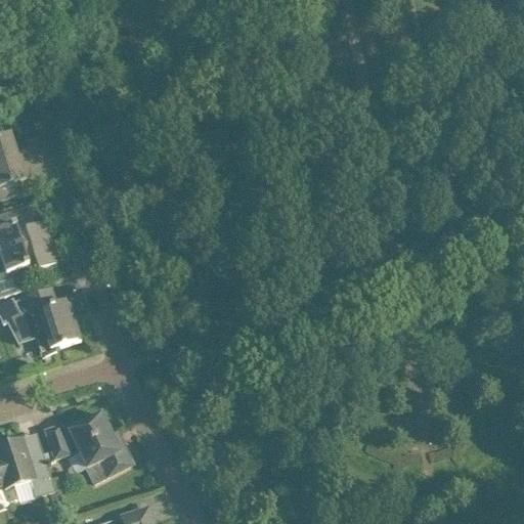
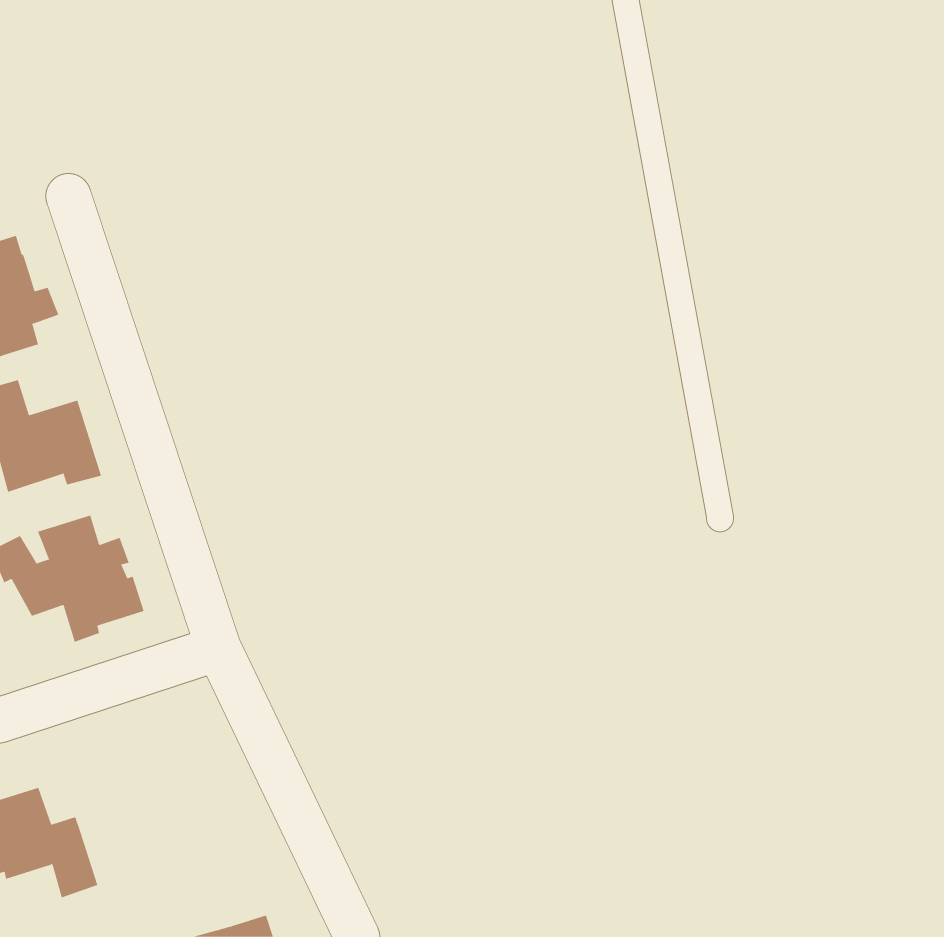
building: [42,411,132,481] -> none

